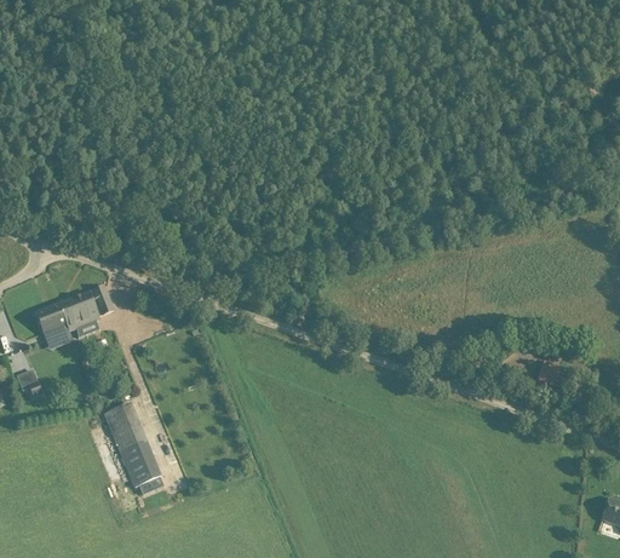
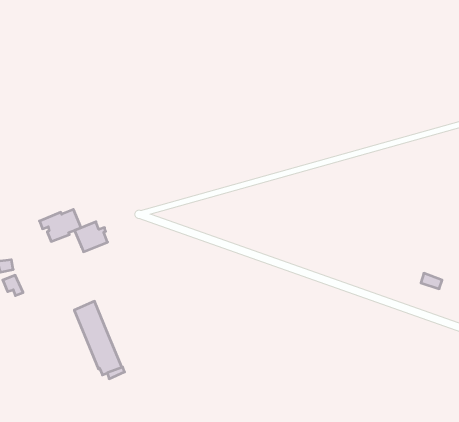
building: [35,301,76,339] -> [75,222,108,252]

